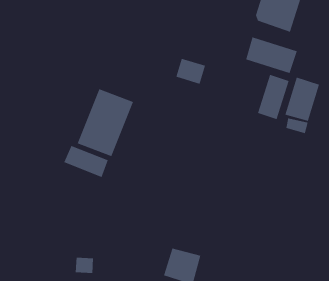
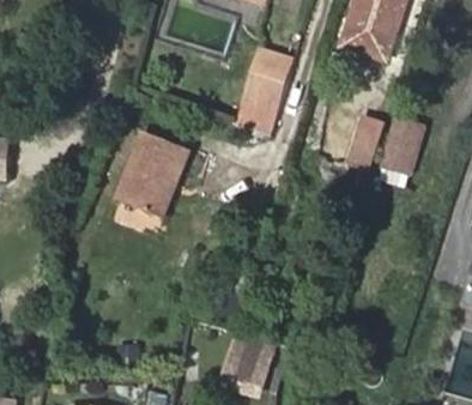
building: none -> [248,49,292,102]
building: [245,37,297,74] -> none
building: [64,145,109,178] -> none

